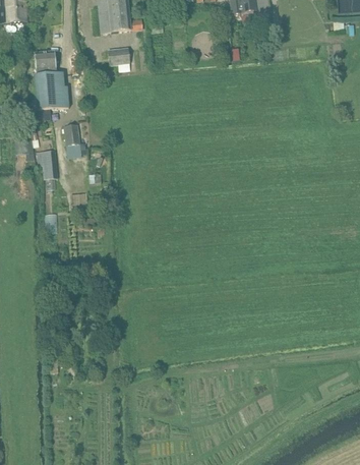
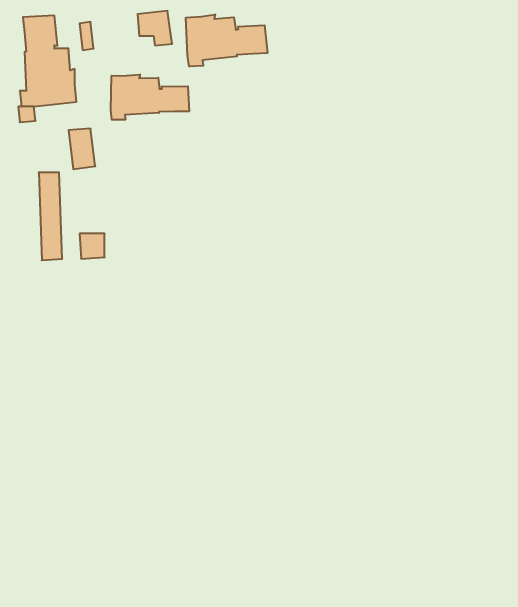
building: none -> [186,14,267,67]
building: none -> [111,74,189,120]

